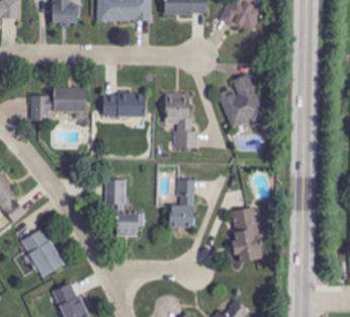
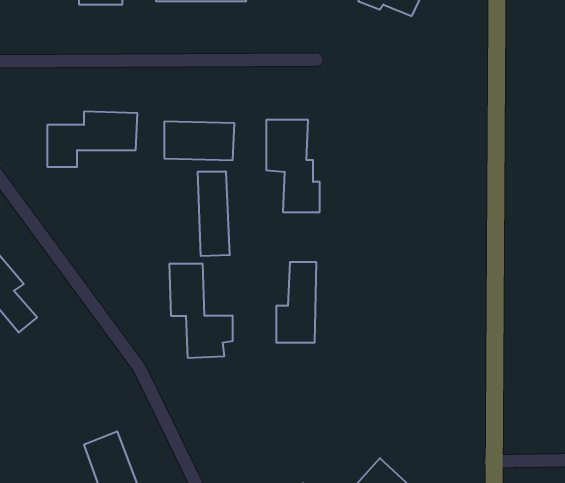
building: [220,74,264,130] -> none
building: none -> [198,171,230,256]
building: [232,210,262,262] -> none
building: [22,229,62,278] -> none

